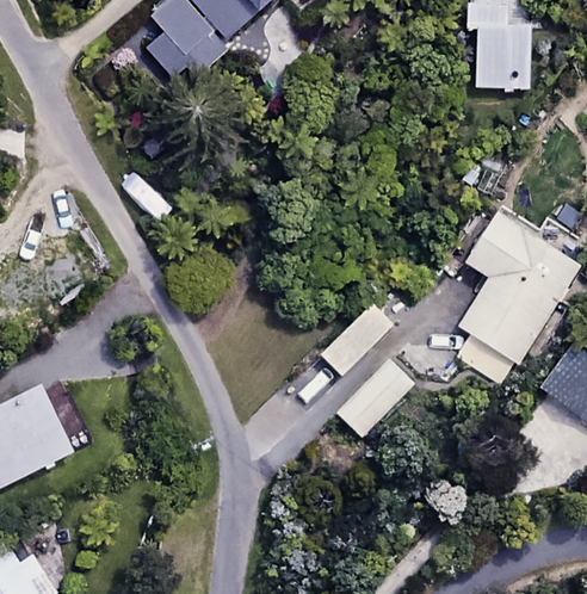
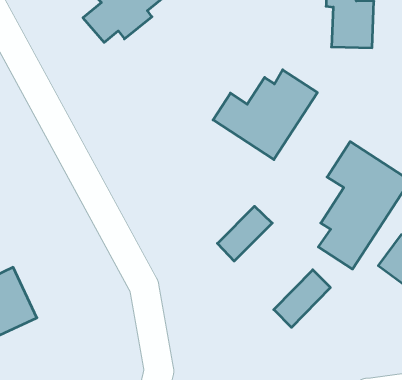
building: none -> [213,70,317,160]
building: [338,359,414,437] -> [274,270,330,327]

